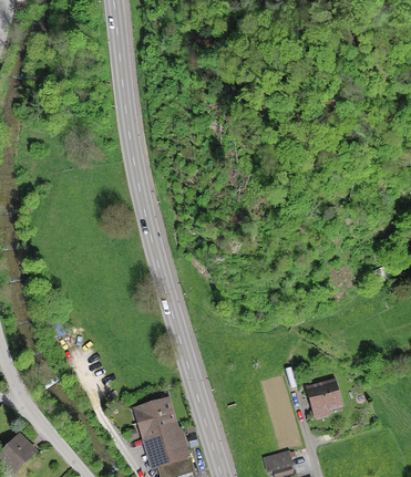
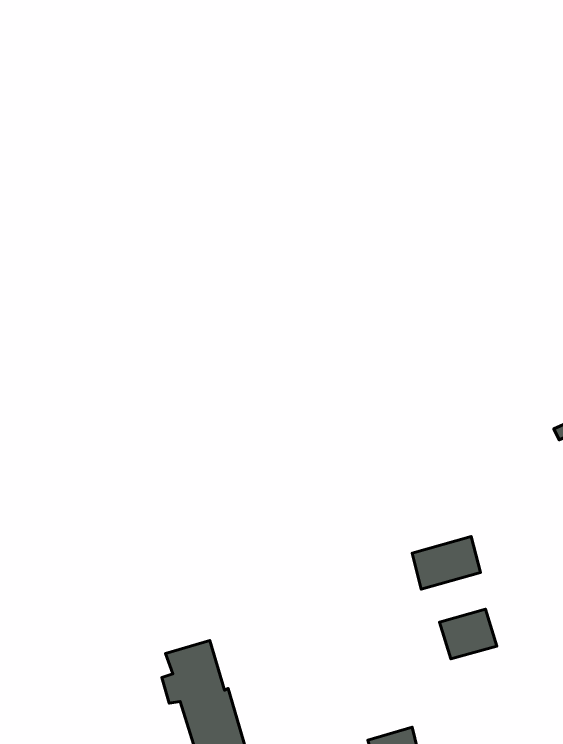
building: none -> [412,537,480,589]

